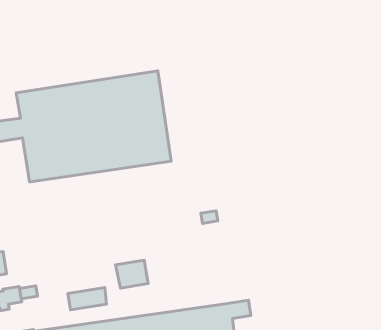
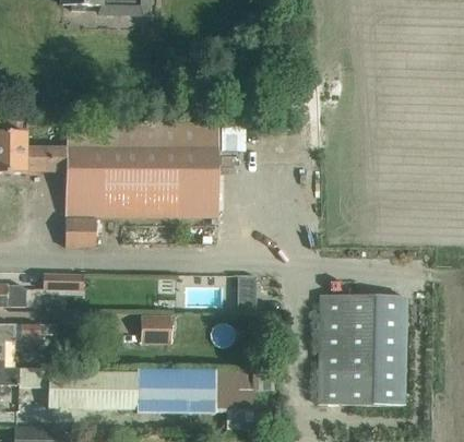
building: none -> [66,217,96,248]
building: none -> [323,294,404,405]
building: [68,288,106,310] -> [45,272,84,289]

